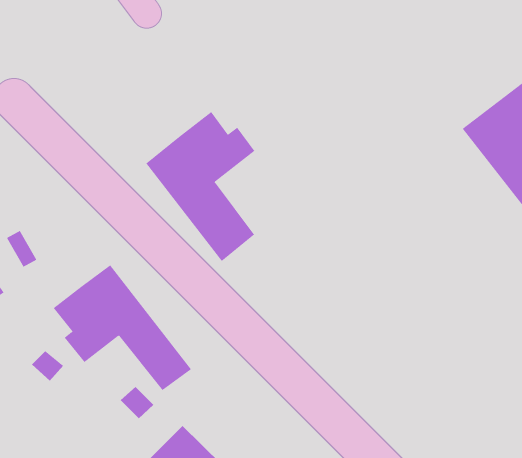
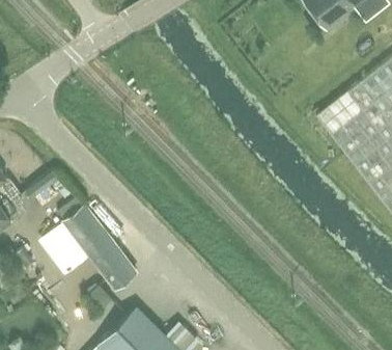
building: [145,111,255,262] -> none

